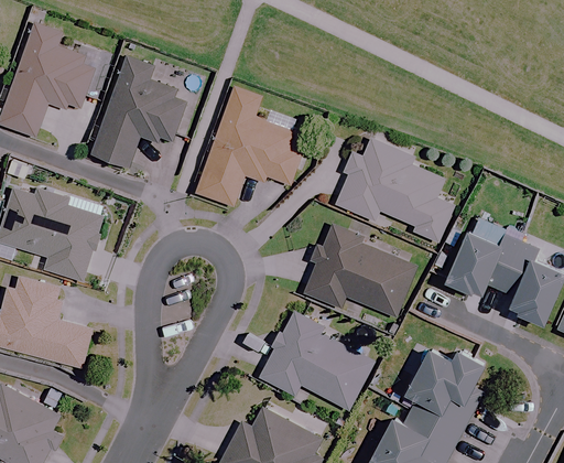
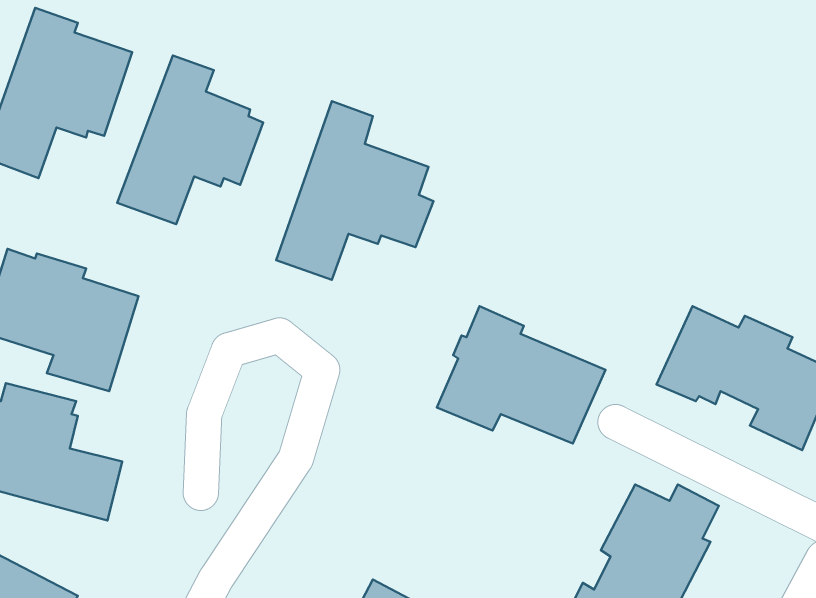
building: [335,138,453,243] -> none
building: [258,311,372,410] -> none

